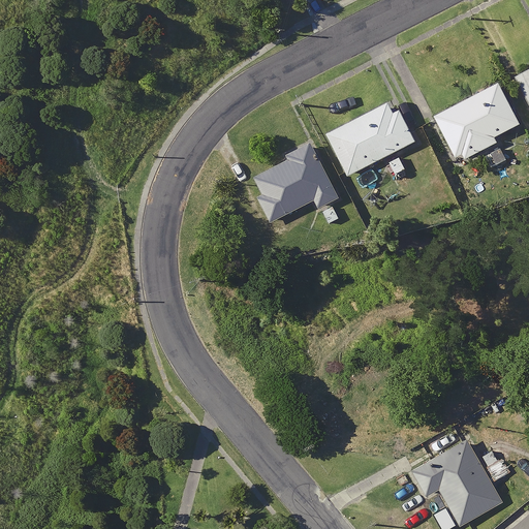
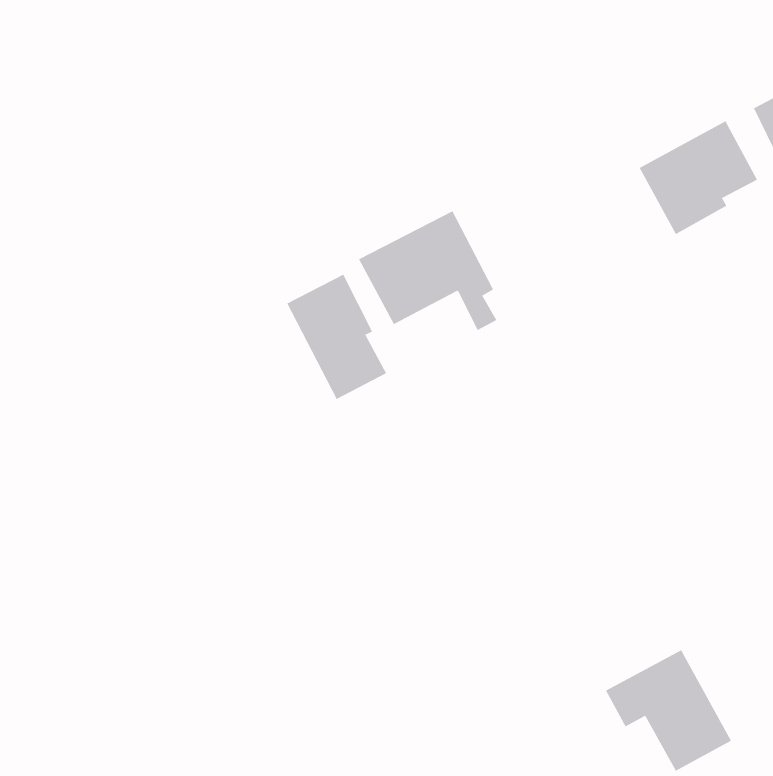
building: [325,100,412,177] -> none
building: none -> [286,274,387,400]

